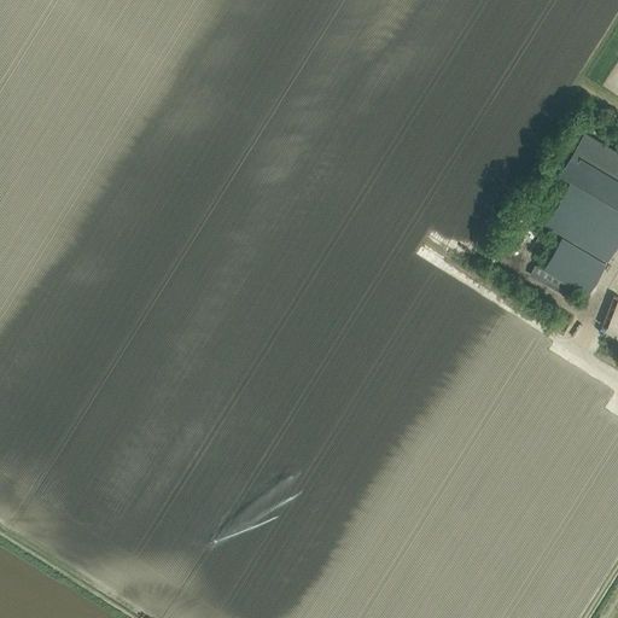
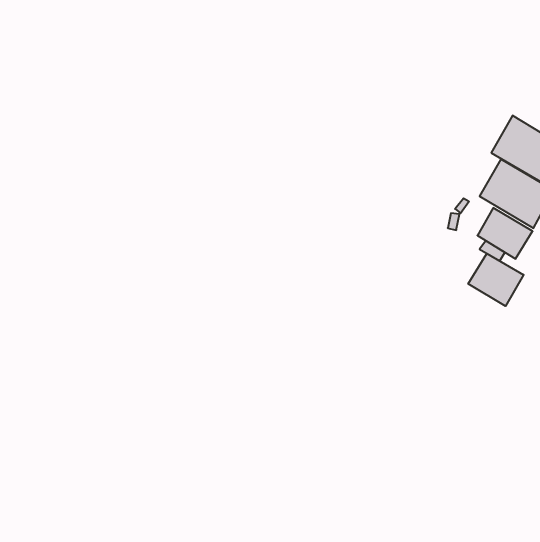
building: none -> [468,253,524,306]

